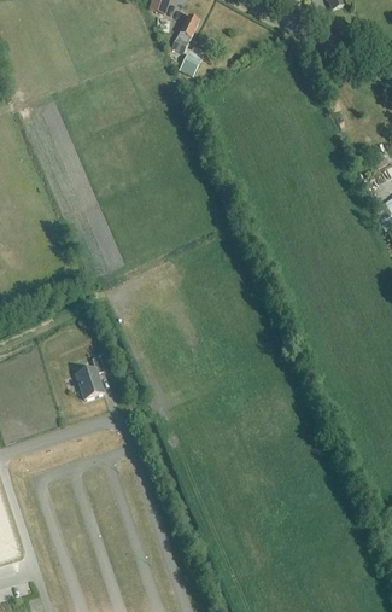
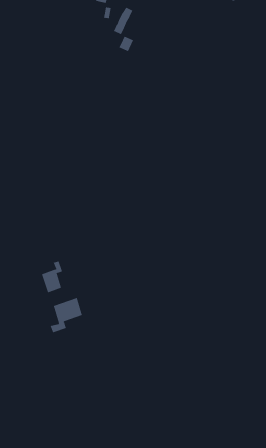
building: none -> [50,297,83,333]

